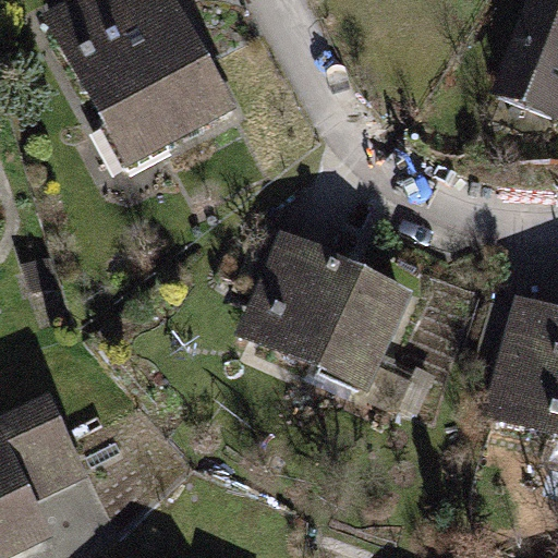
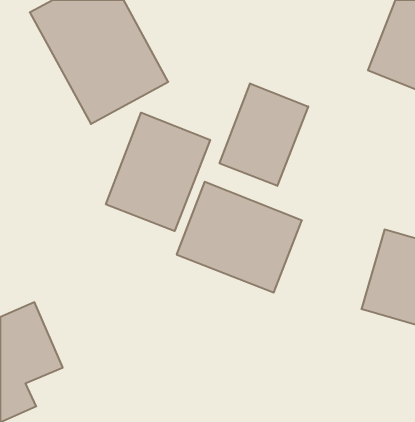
building: none -> [220,83,308,186]
building: none -> [106,113,210,231]

